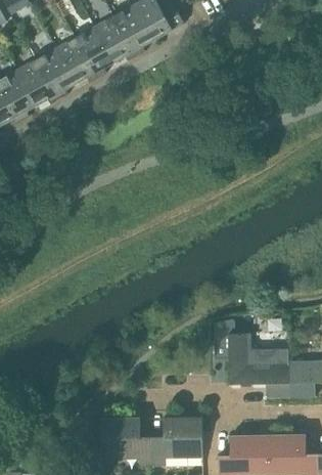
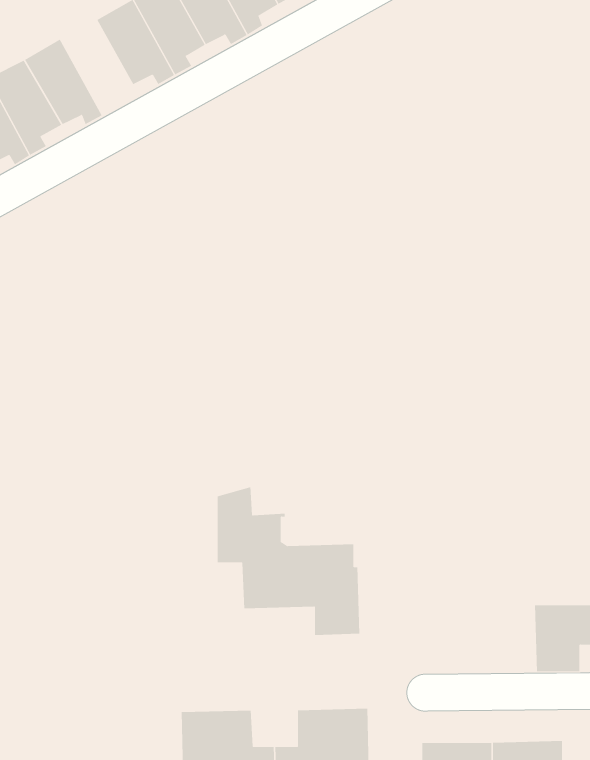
building: [36,47,75,98] -> none
building: [214,317,290,397] -> [217,486,360,636]

